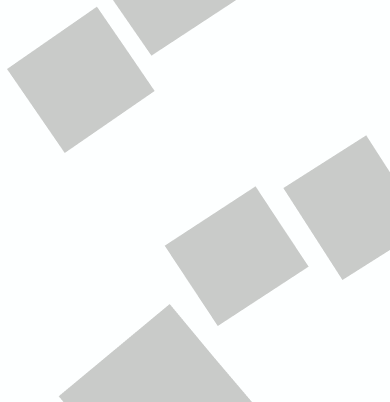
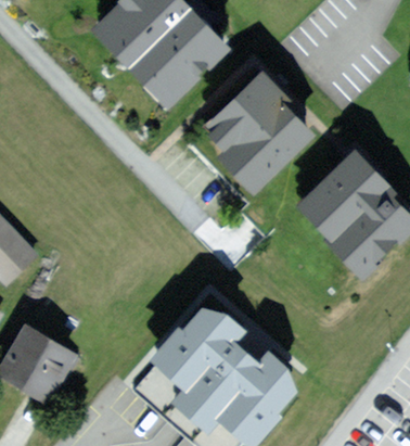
building: [6,6,156,154] -> none
building: [163,185,310,327] -> [194,74,315,193]

